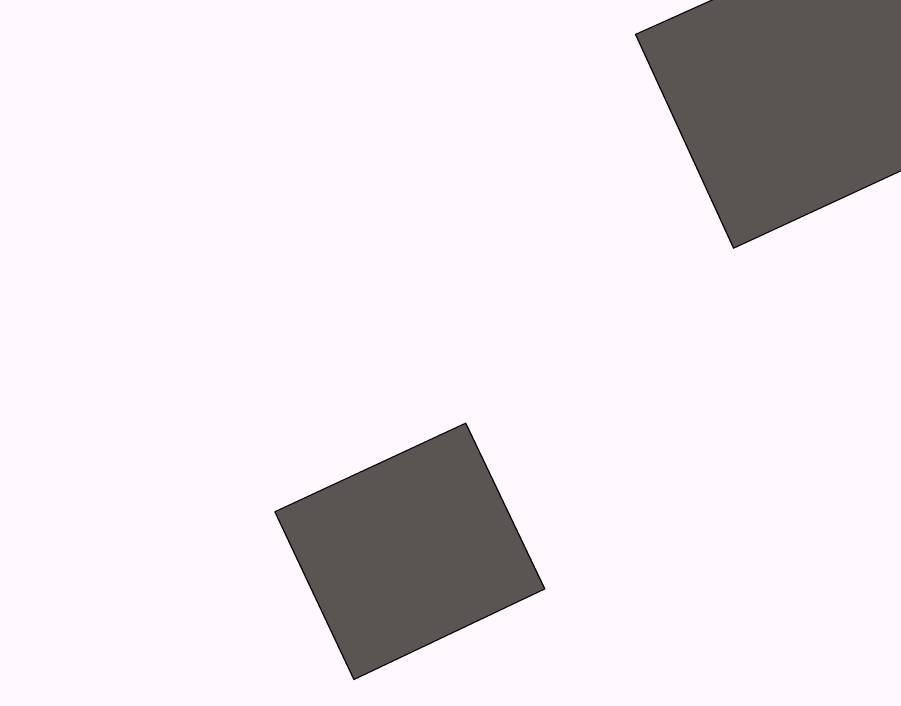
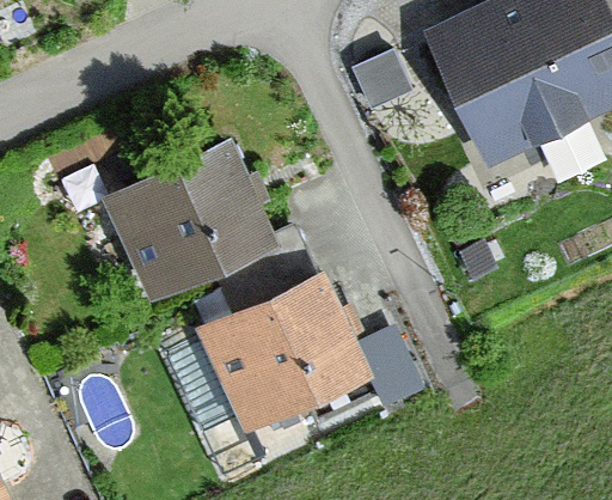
building: none -> [104,145,271,297]

